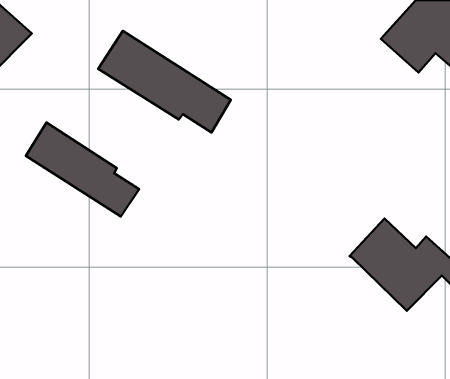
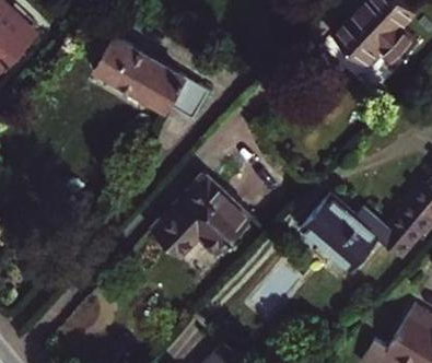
building: [26,123,139,216] -> none
building: none -> [150,176,250,261]

